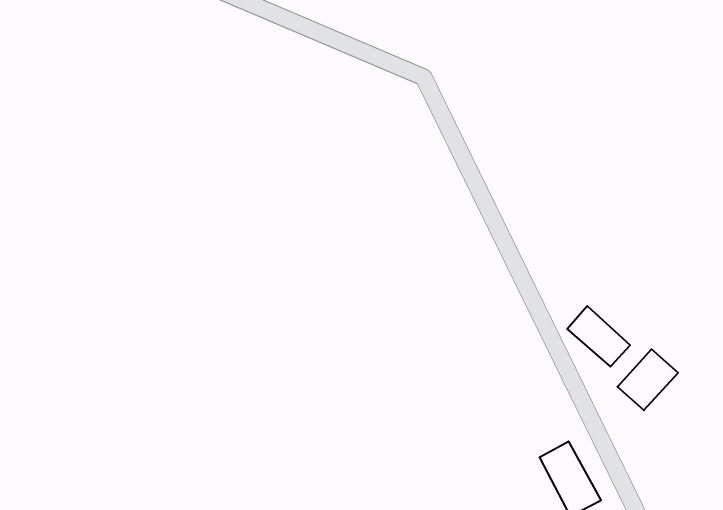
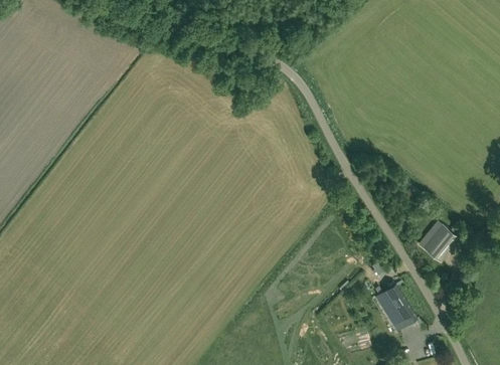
building: [567,306,630,367] -> none

